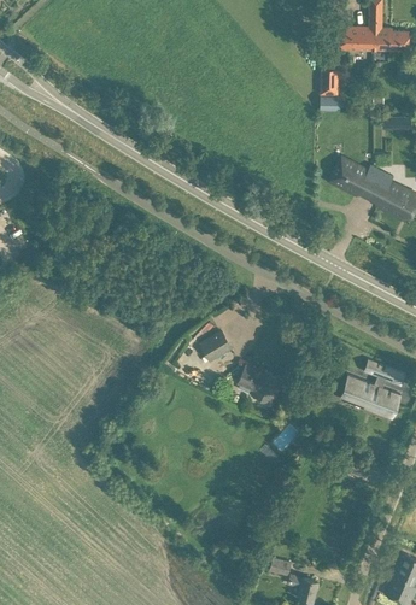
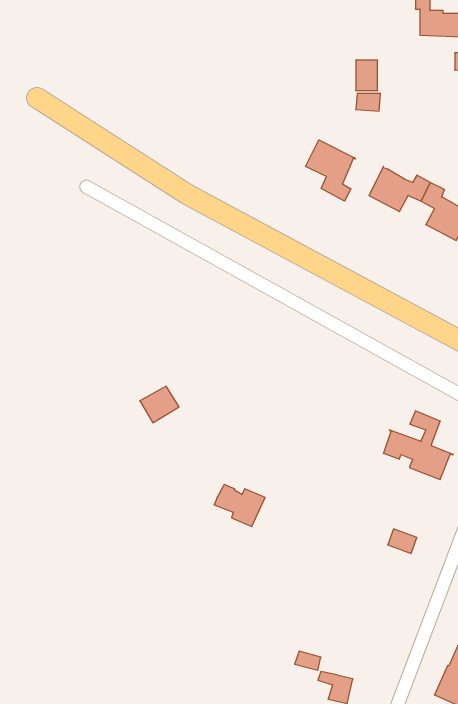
building: [340,27,374,51] -> none
building: none -> [305,140,356,201]
building: [199,331,232,362] -> [140,386,179,423]
building: [239,368,281,403] -> [214,484,265,527]

